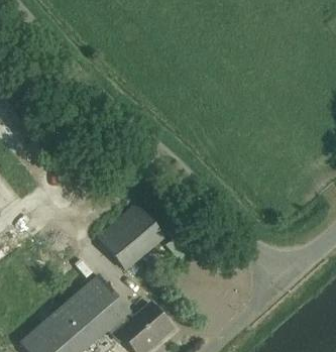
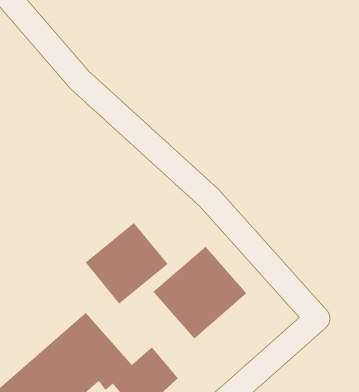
building: none -> [153,246,247,340]

